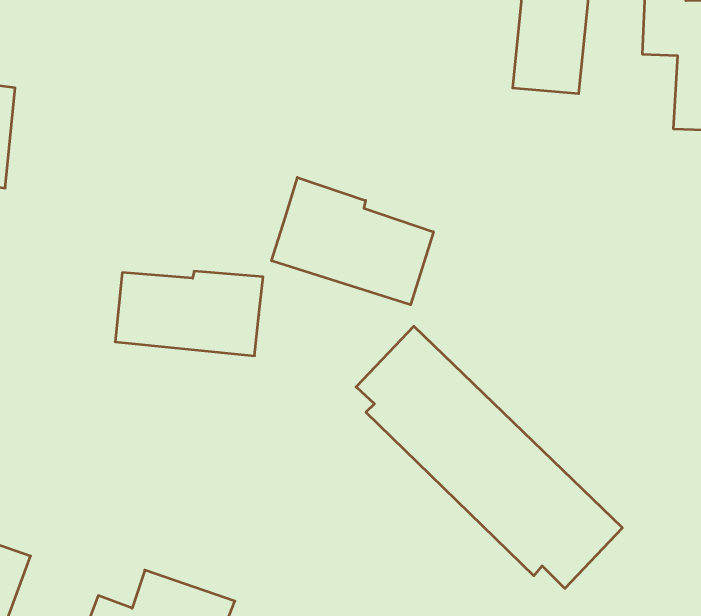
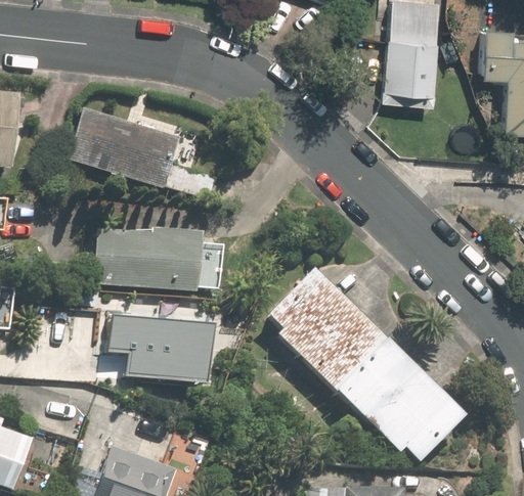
building: none -> [74,106,221,197]
building: [272,177,433,305] -> none
building: none -> [95,317,201,384]

